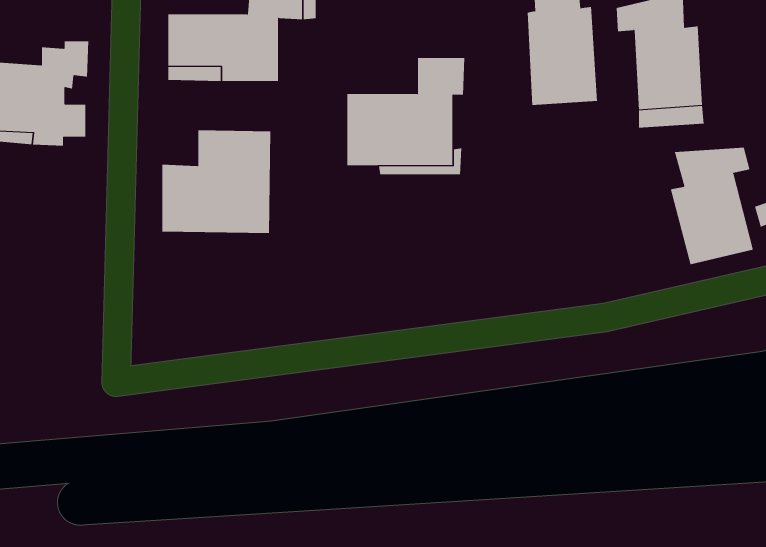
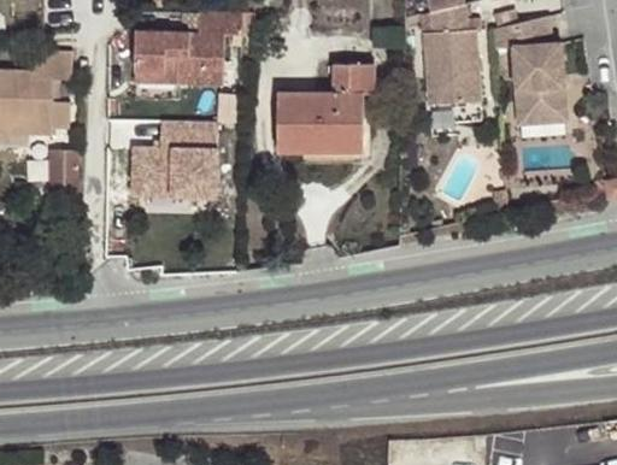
building: [670,147,754,265] -> none
building: none -> [48,147,84,195]

